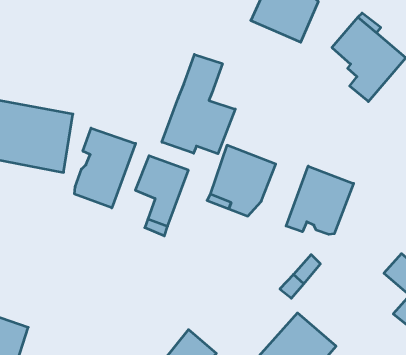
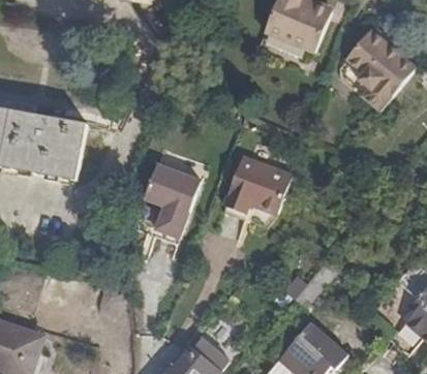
building: [162,54,235,154] -> none
building: [75,128,136,208] -> none
building: [286,166,354,234] -> none

